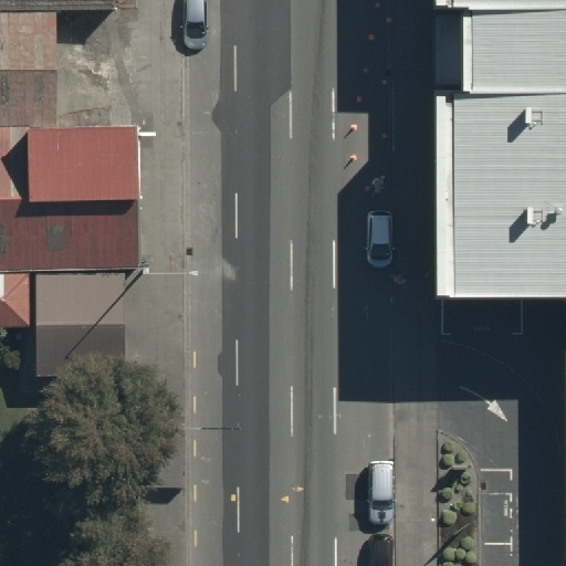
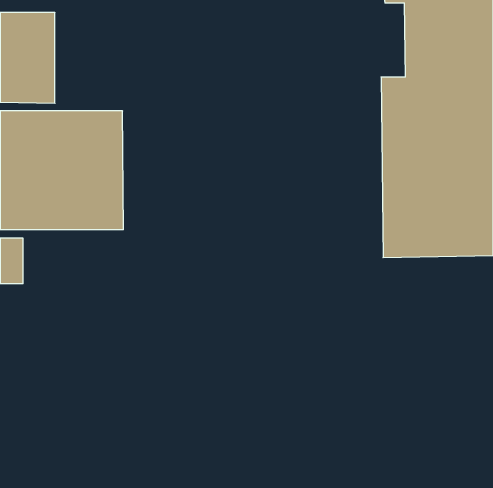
building: [38,274,125,374] -> none

